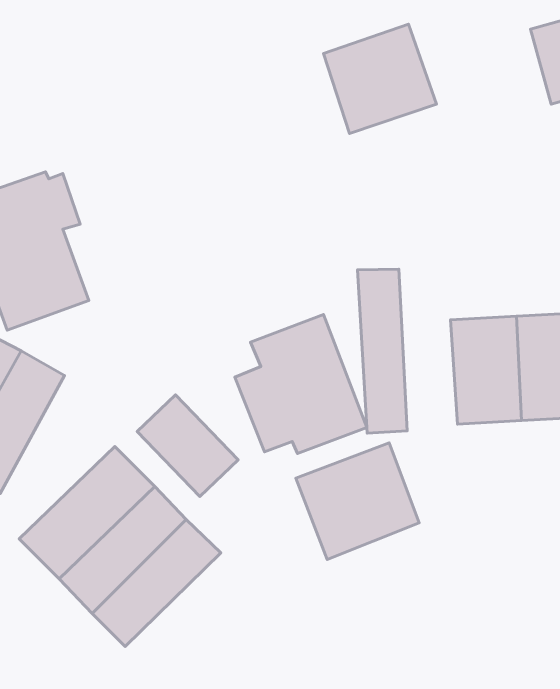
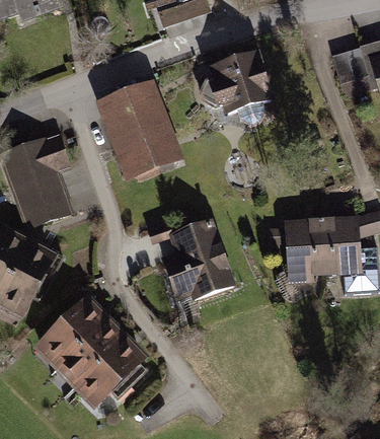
building: none -> [97,79,179,174]
building: [358,269,407,433] -> none
building: [137,395,238,496] -> none
building: [296,443,419,559] -> none

